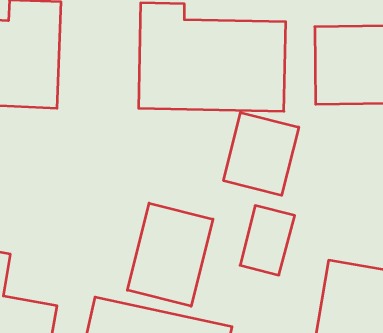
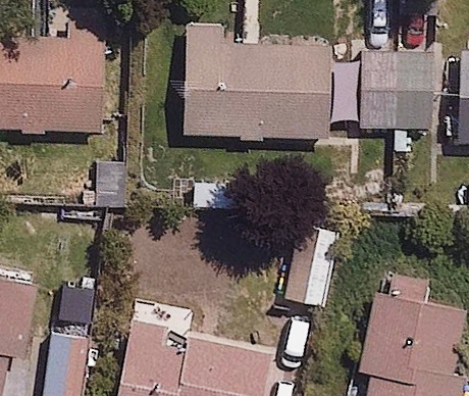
building: [224,112,299,195] -> none
building: [127,203,213,306] -> none

